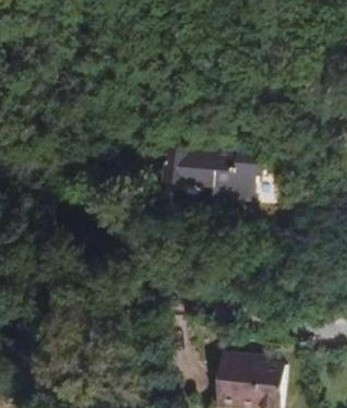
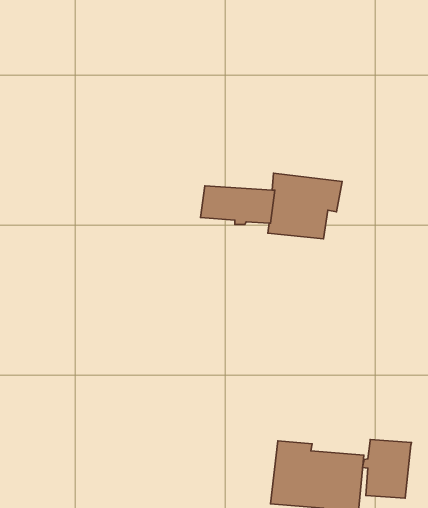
building: none -> [363,440,411,498]

